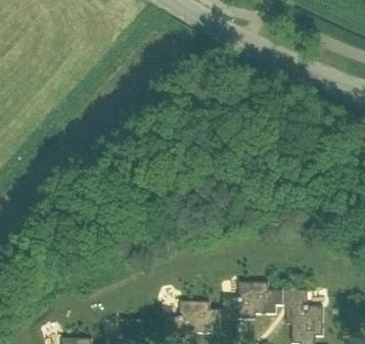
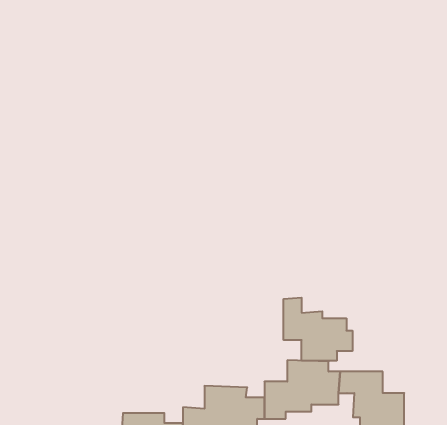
building: none -> [284,298,352,361]

